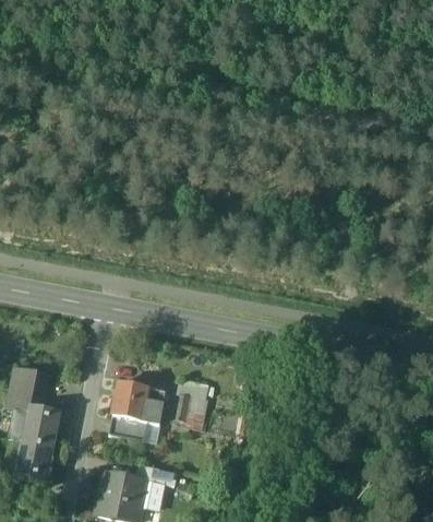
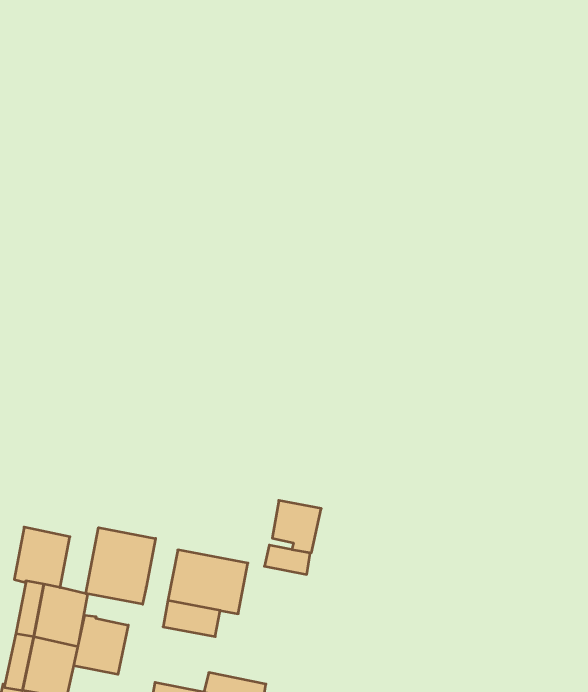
building: none -> [86,528,156,604]
building: [173,392,206,427] -> [272,500,321,553]
building: none -> [74,615,128,674]

